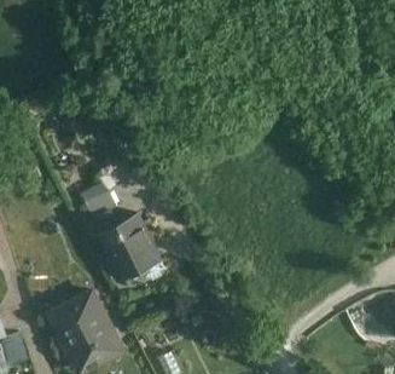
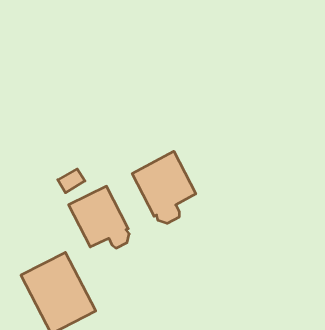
building: none -> [132,151,196,223]

